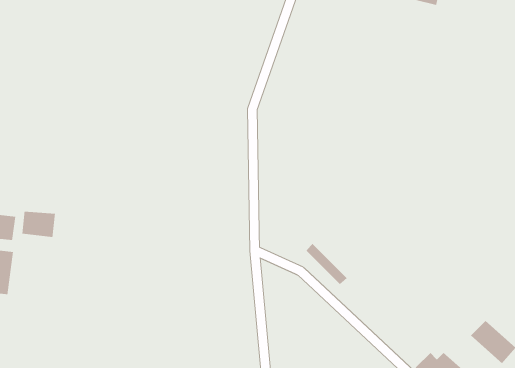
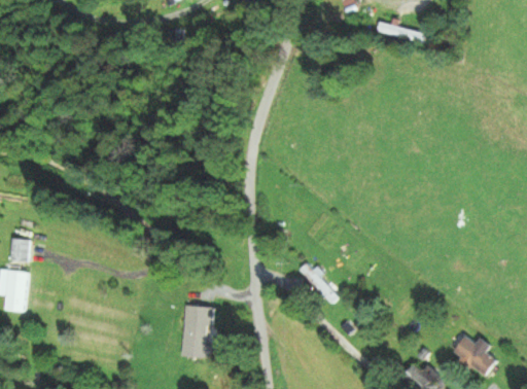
building: [22,211,55,238] -> none
building: none -> [182,306,214,357]

